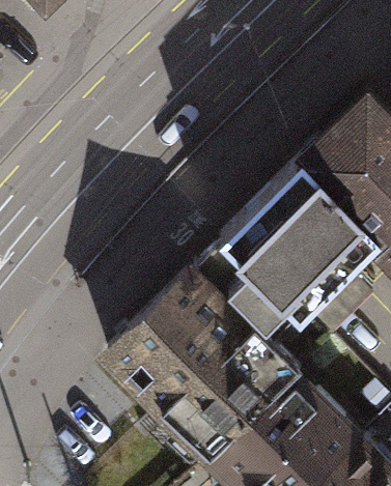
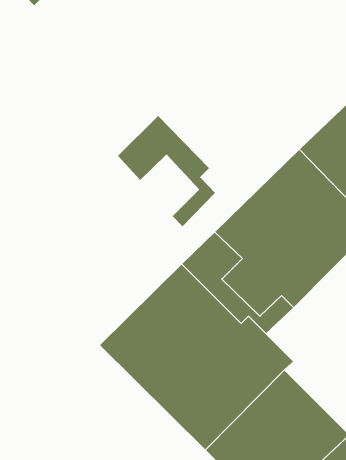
building: none -> [117,115,216,227]

